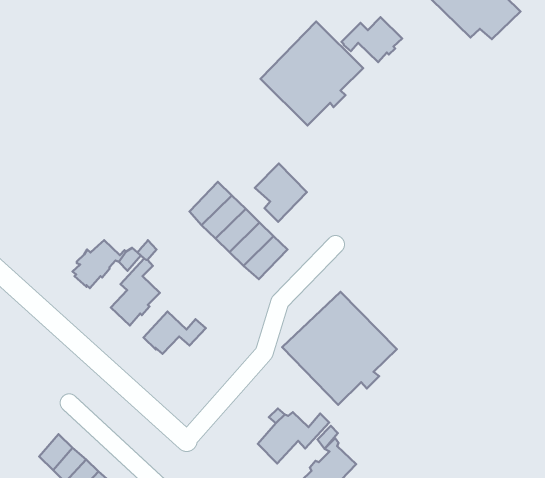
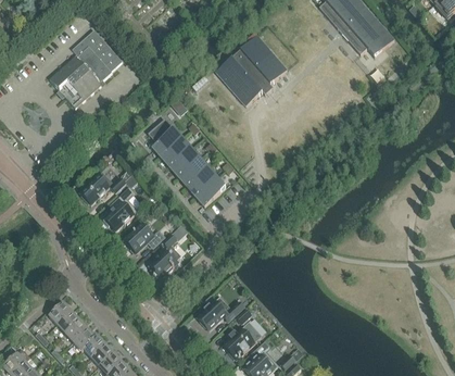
building: [342,17,402,62] -> none
building: none -> [49,28,122,106]
building: [255,164,307,222] -> [147,117,181,156]
building: [282,292,397,405] -> none
building: none -> [149,233,180,277]

